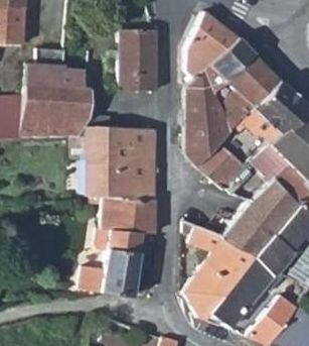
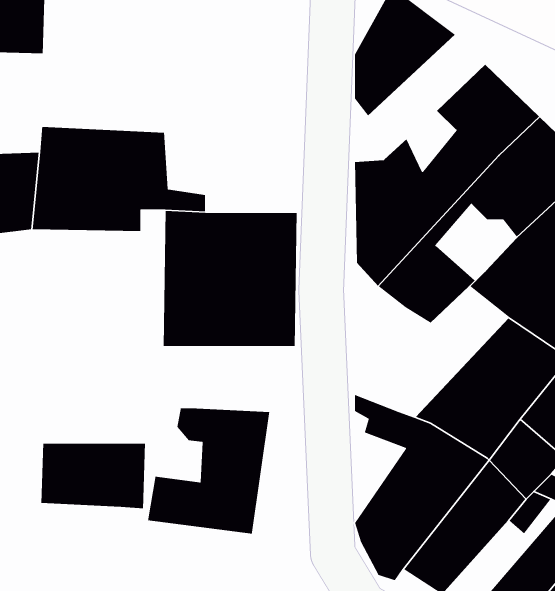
building: [119,30,158,91] -> none
building: [185,35,253,101] -> none
building: [24,47,89,86] -> none
building: [101,197,155,231] -> [40,443,146,509]

